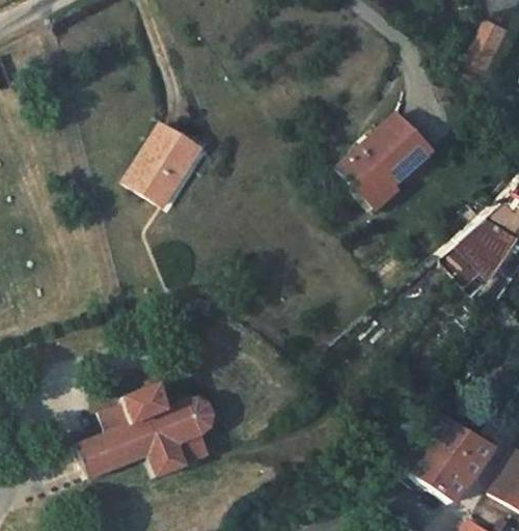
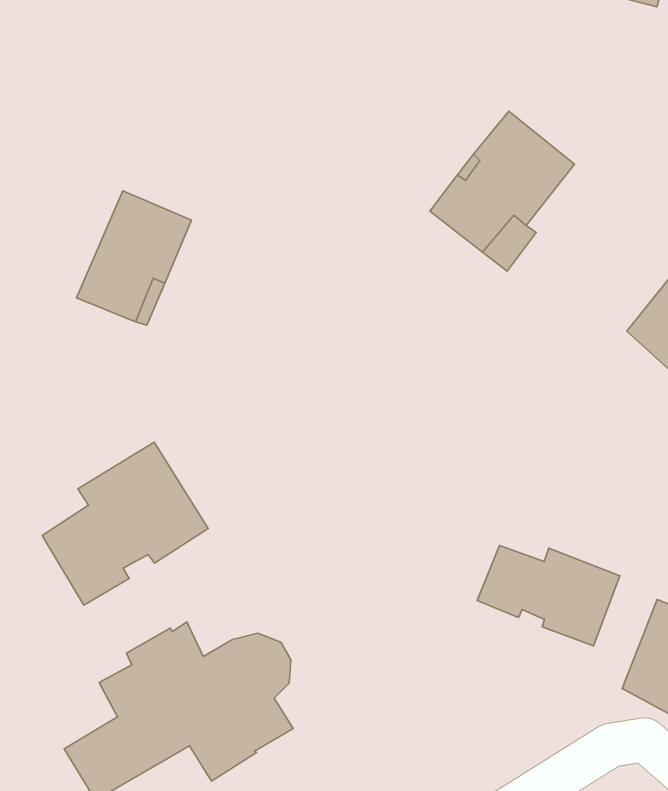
building: none -> [42,442,208,605]
building: none -> [477,546,620,646]

